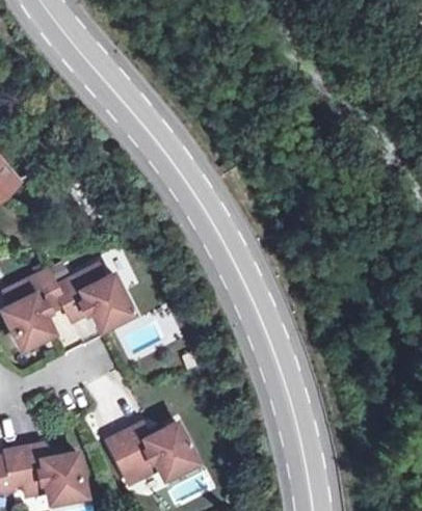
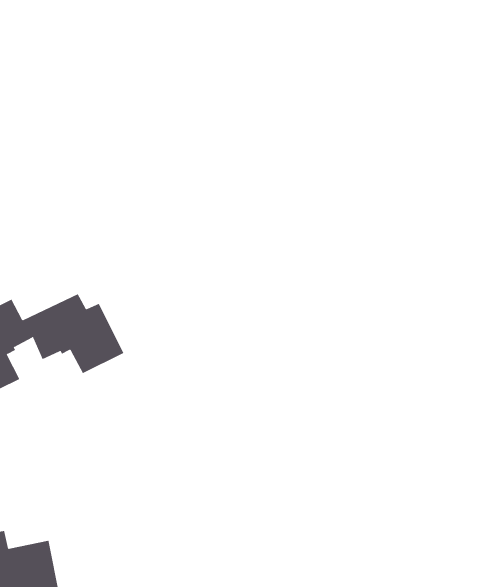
building: [110,423,196,476] -> none

